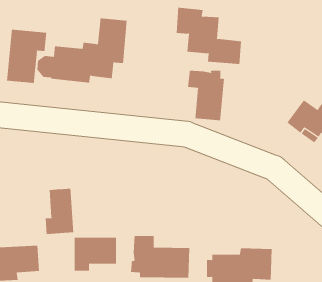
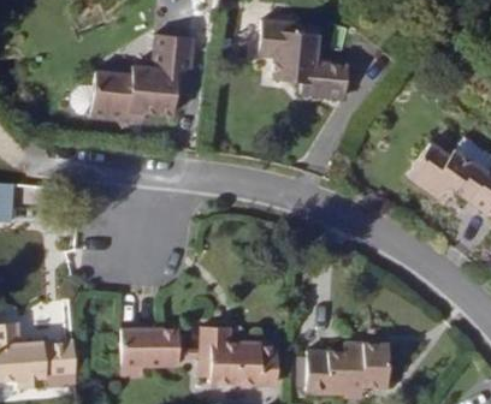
building: [6,29,47,84] -> none
building: [188,70,224,121] -> none
building: [45,188,74,235] -> none

